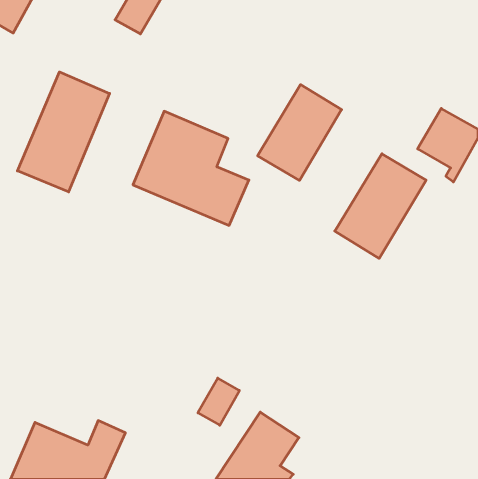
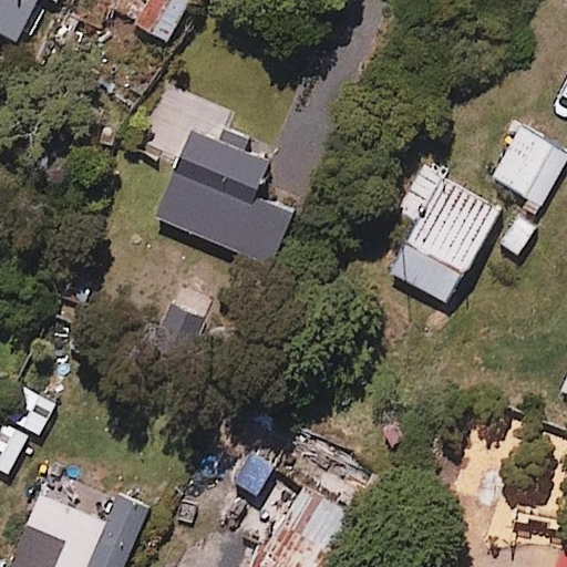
building: [17,72,110,192] -> none
building: [258,85,342,180] -> none

